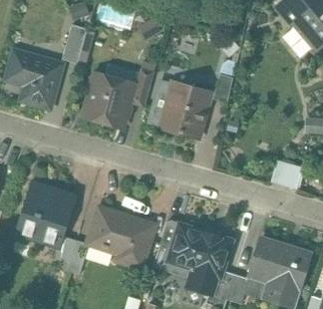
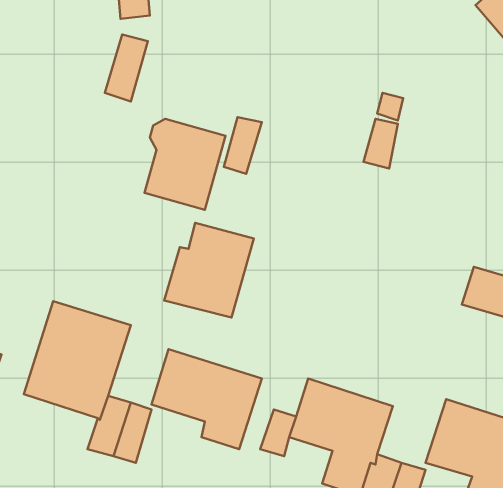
building: [7,50,61,106] -> none
building: [159,82,212,137] -> [164,223,254,318]

